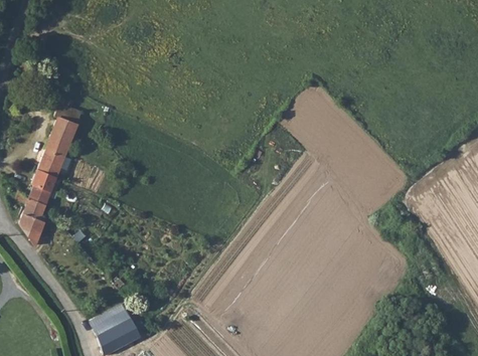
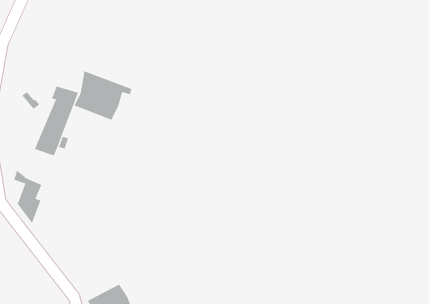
building: none -> [74,70,132,121]
building: [29,167,57,203] -> none

